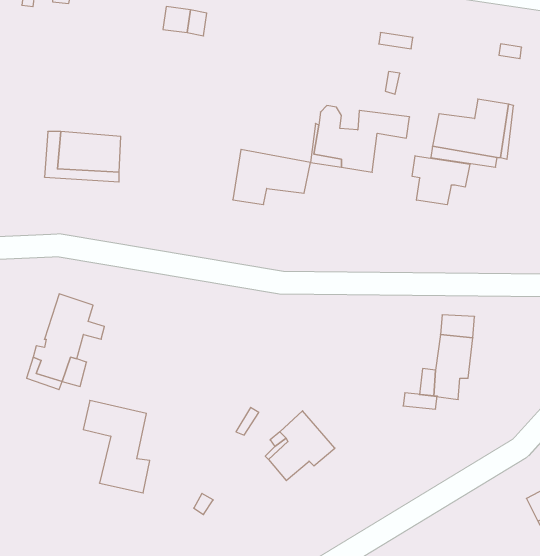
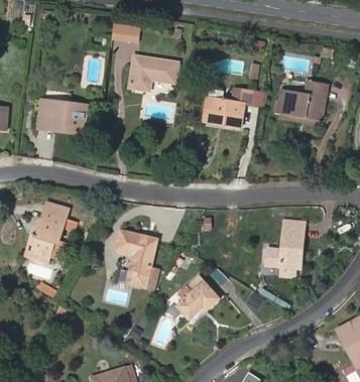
building: [233,149,311,205] -> [129,55,177,90]
building: [412,156,470,205] -> none
building: [83,400,150,493] -> [116,231,157,288]

